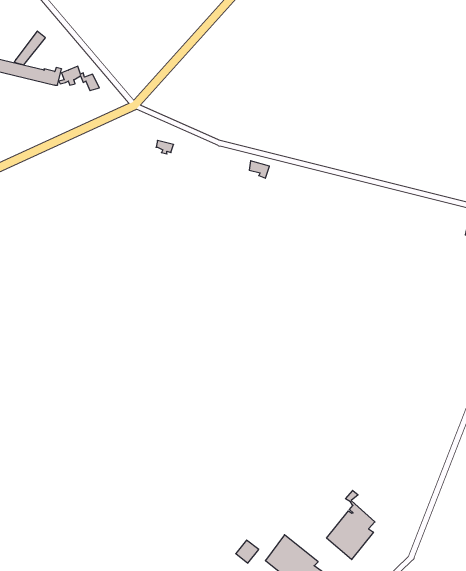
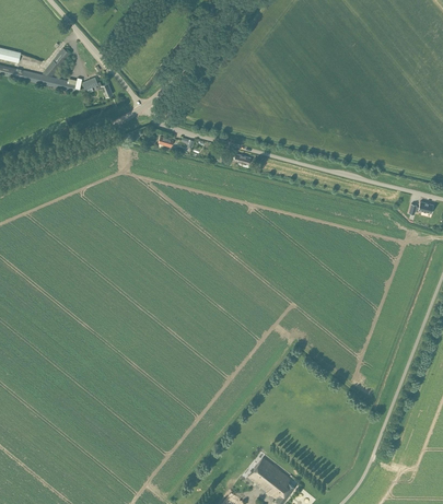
building: [327,490,375,560] -> none

